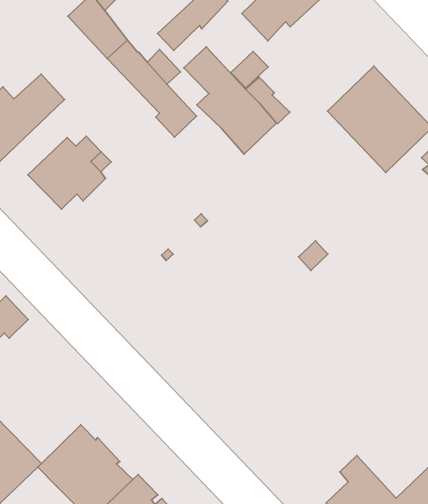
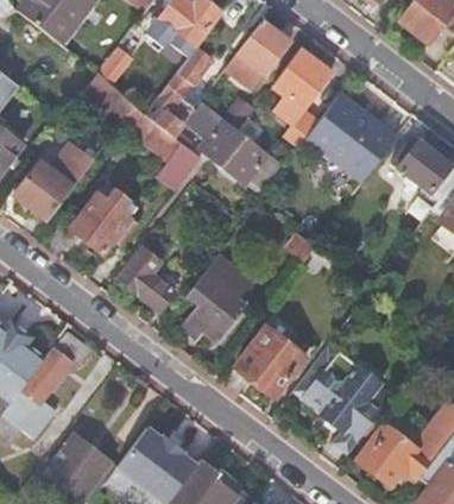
building: none -> [272,50,329,124]
building: none -> [119,240,174,309]
building: none -> [183,260,246,340]
building: none -> [234,326,305,397]
building: none -> [292,346,392,453]

